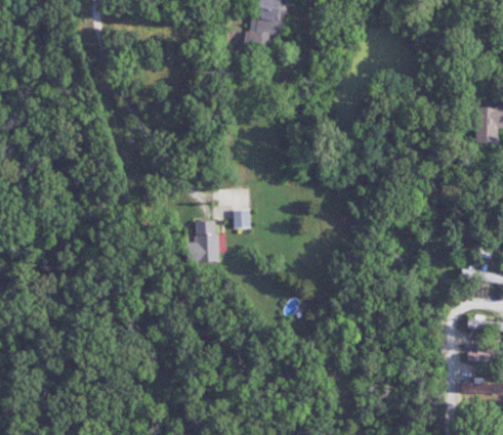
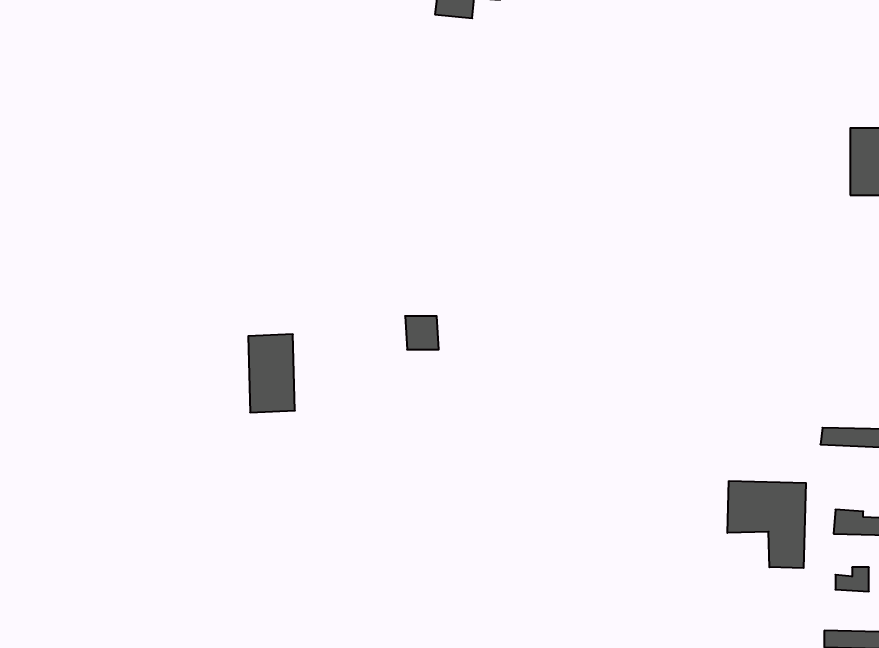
building: [193,220,218,263] -> [248,334,295,412]
building: none -> [727,481,806,568]

